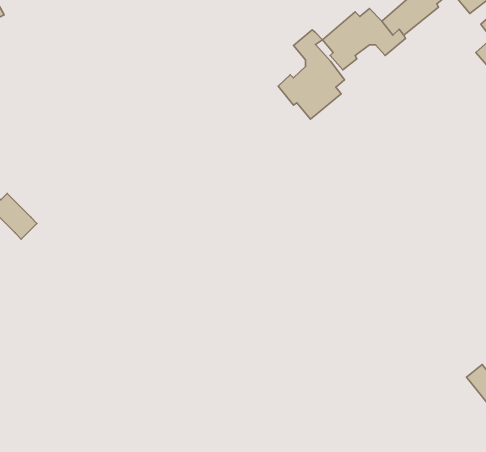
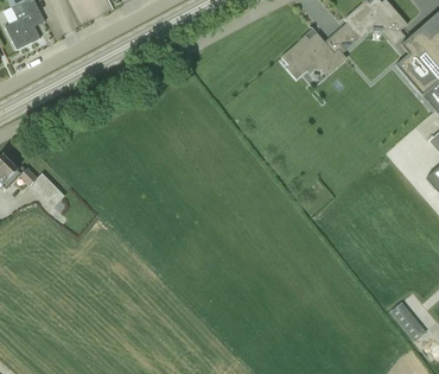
building: [278,30,344,119] -> none

